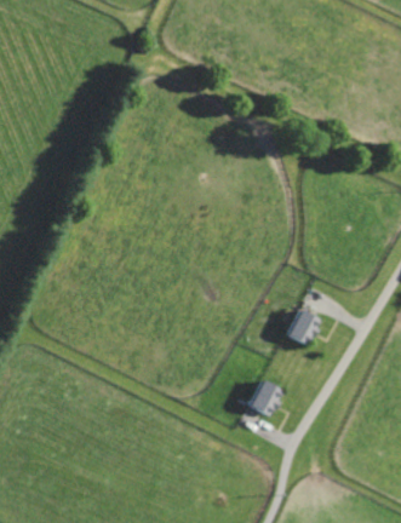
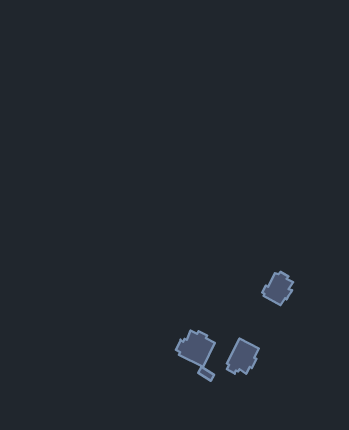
building: none -> [176,331,215,367]

